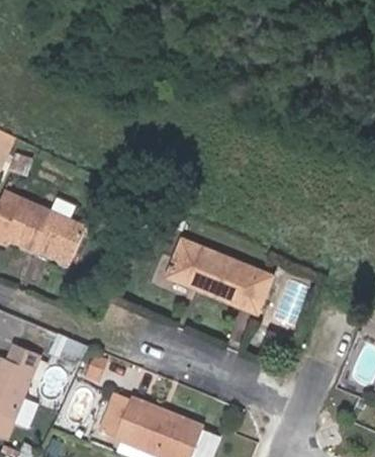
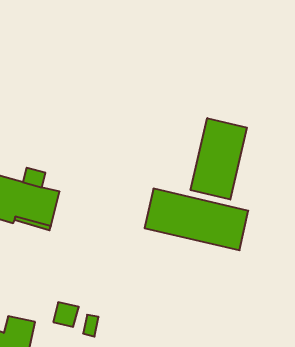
building: none -> [191,118,247,200]

